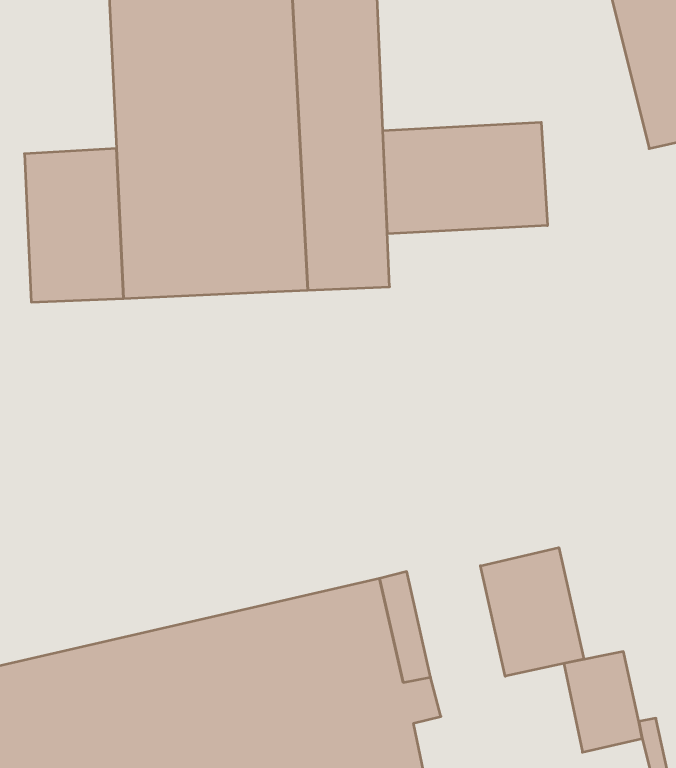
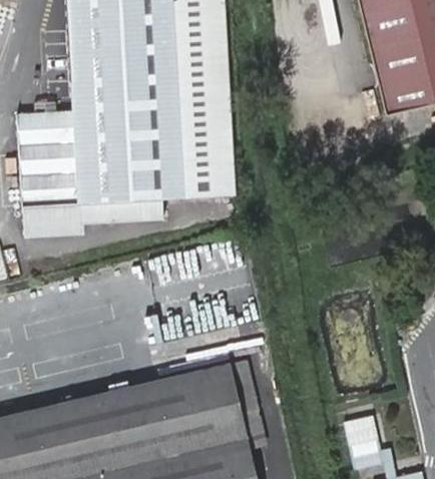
building: [383,122,547,234] -> none
building: none -> [22,196,162,232]
building: [480,548,584,676] -> none

